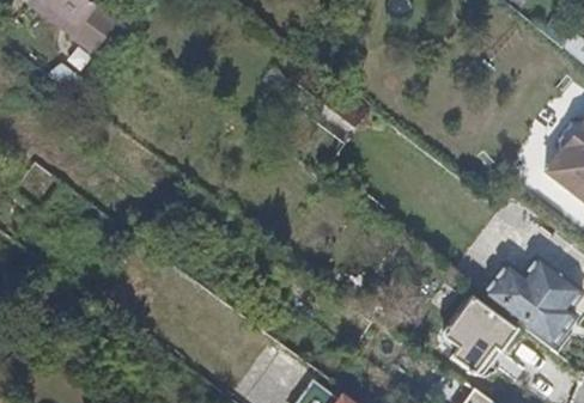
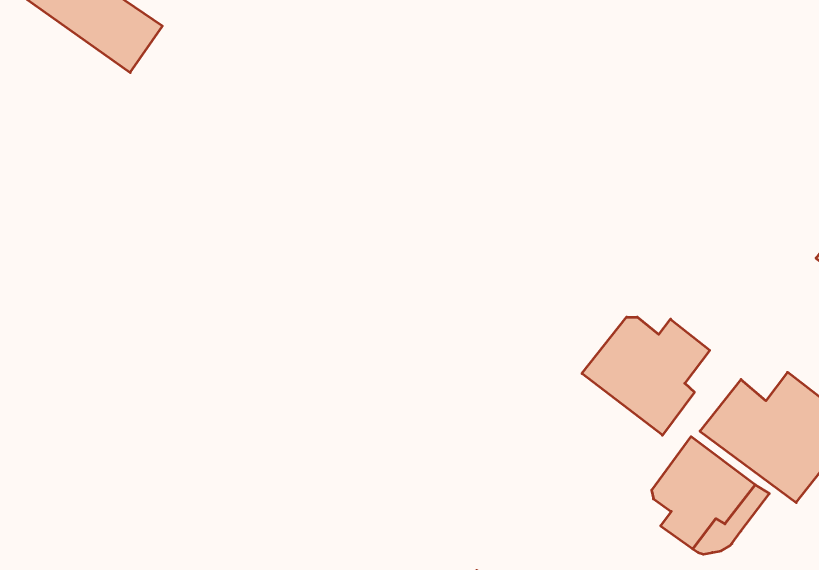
building: none -> [582,317,710,435]

